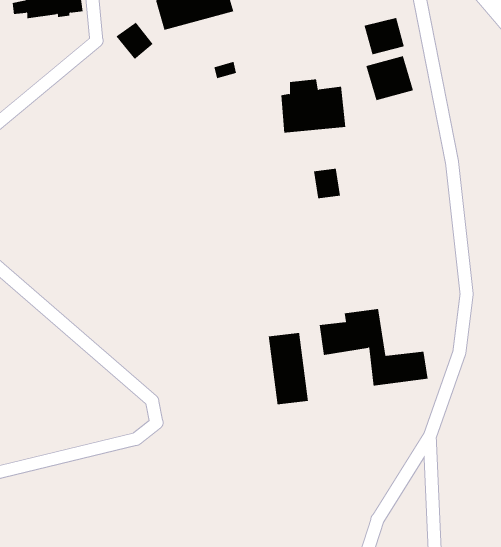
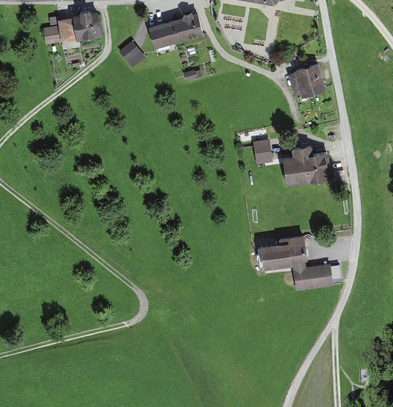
building: [364,17,405,55] -> none
building: [280,79,346,133] -> [284,148,329,185]
building: [268,332,309,405] -> none

